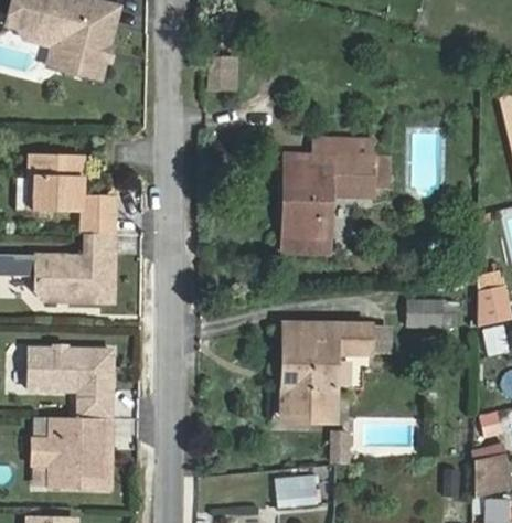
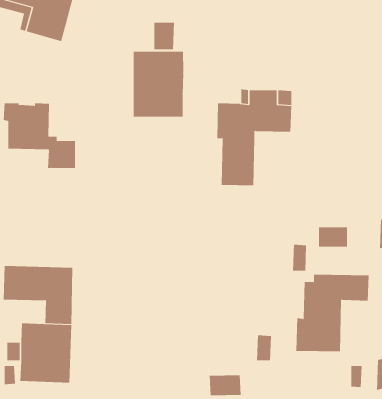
building: none -> [133,51,184,117]
building: [35,232,116,300] -> none
building: [281,322,370,415] -> [296,274,370,352]

